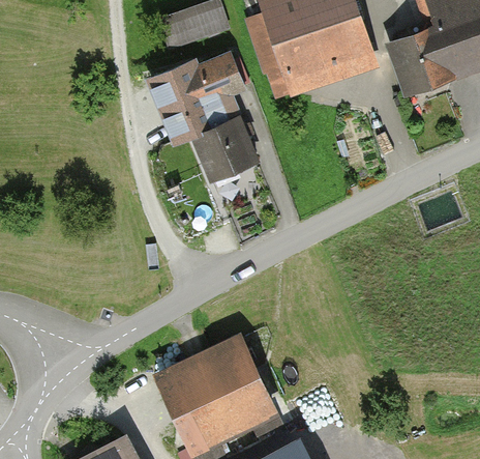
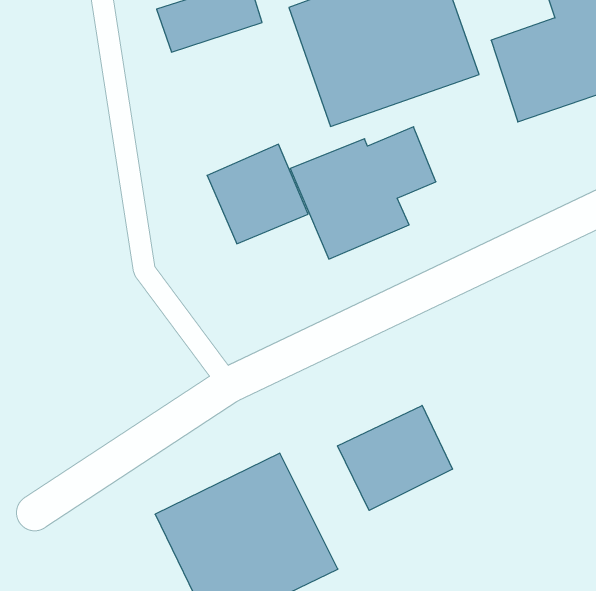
building: [144,51,245,143] -> [290,127,436,259]
building: none -> [338,405,452,510]

